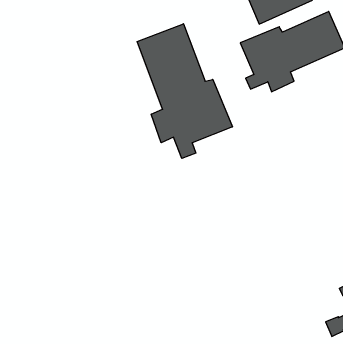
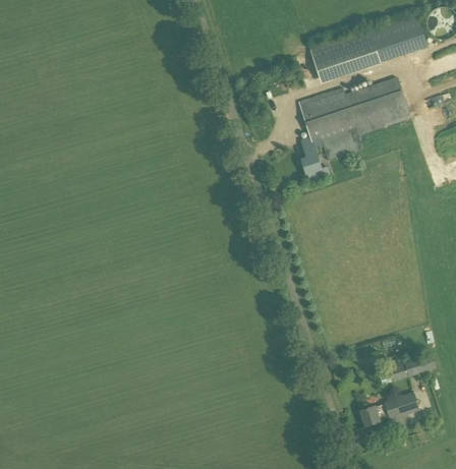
building: [137,24,232,158] -> none
building: none -> [301,146,321,181]

